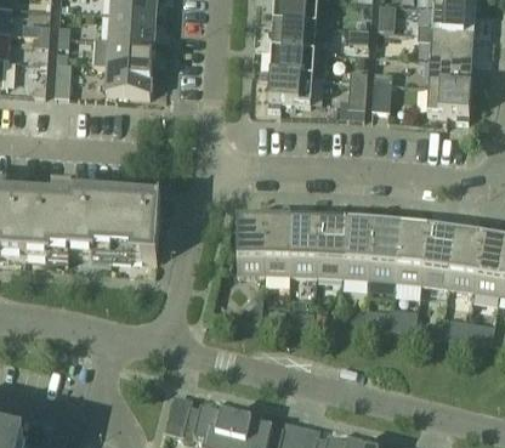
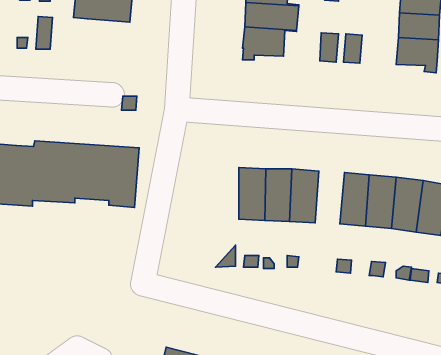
building: [106,62,151,92] -> none
building: [236,216,263,270] -> none
building: [342,220,373,274] -> none

